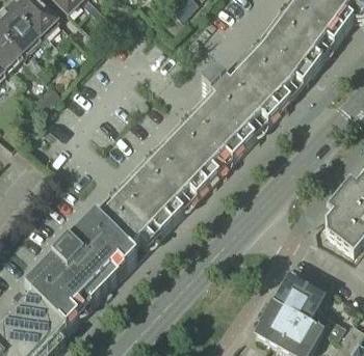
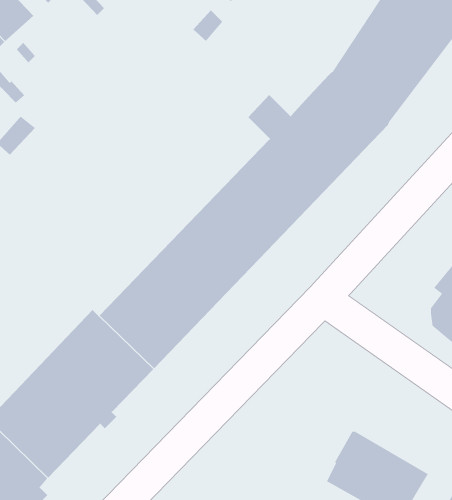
building: [272,272,329,326] -> none

